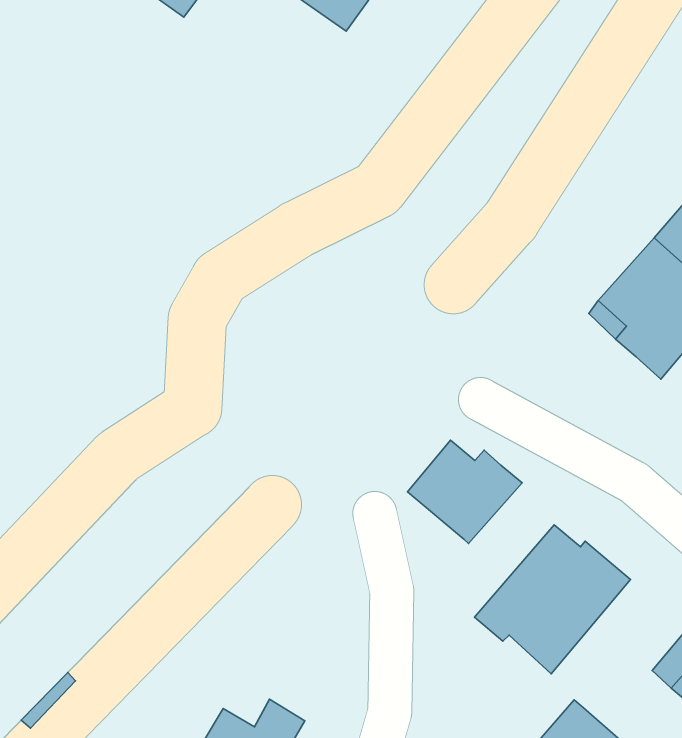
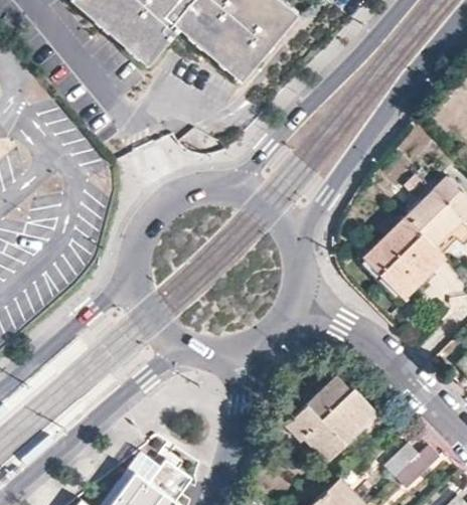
building: [407,440,522,543] -> none

